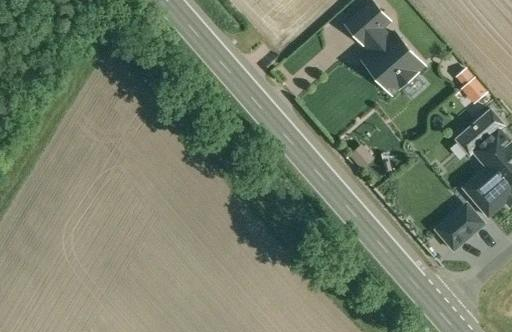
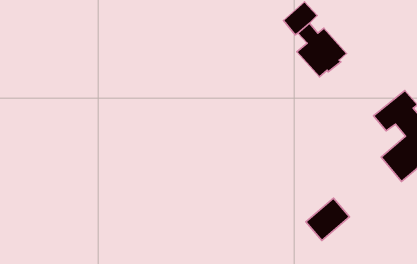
building: [455,67,487,104] -> none
building: [433,201,485,251] -> [306,198,350,240]

